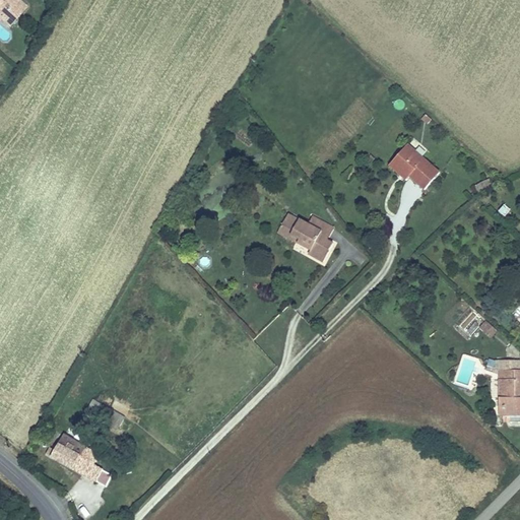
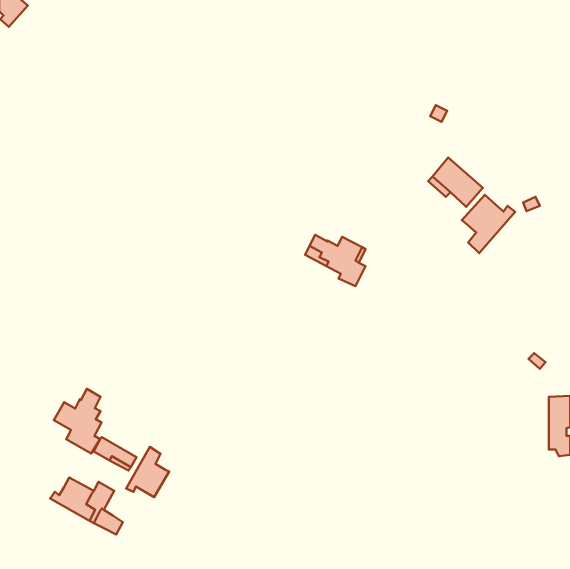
building: none -> [462,195,515,253]
building: none -> [54,389,101,454]
building: none -> [126,447,169,497]

